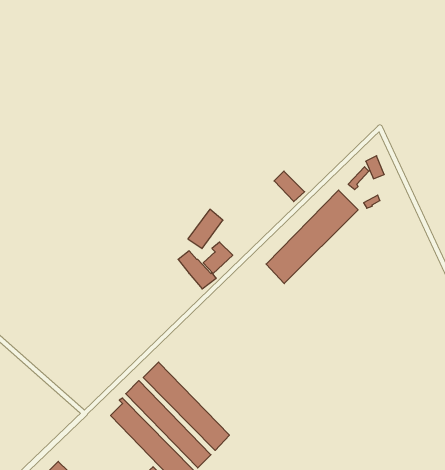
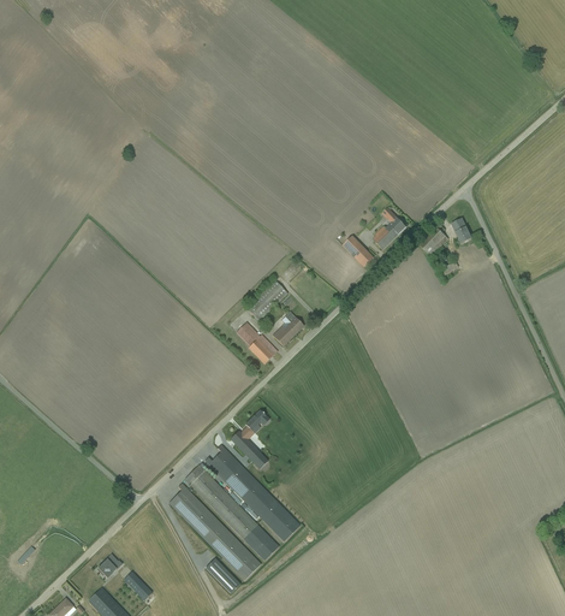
building: none -> [373,207,404,248]
building: [266,190,358,284] -> none
building: none -> [231,409,269,469]

